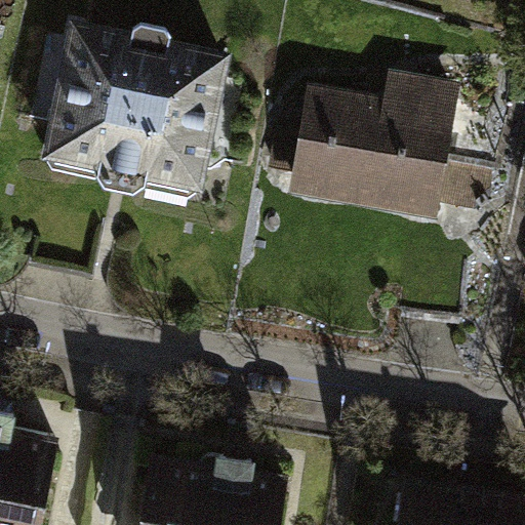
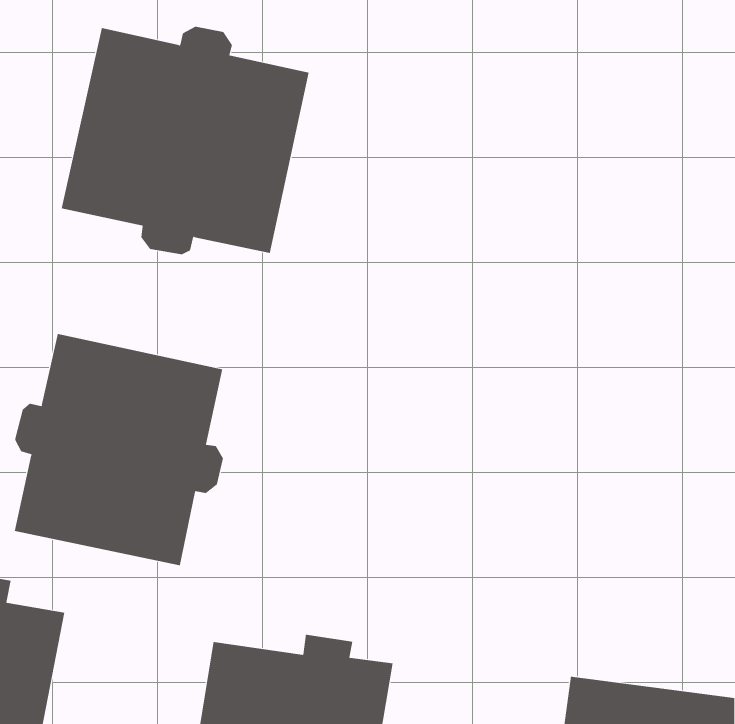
building: [292,90,487,218] -> none
building: none -> [14,333,224,566]

